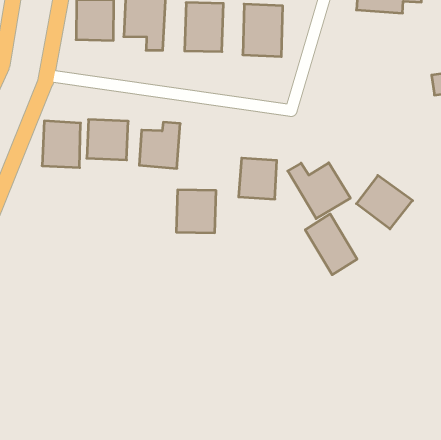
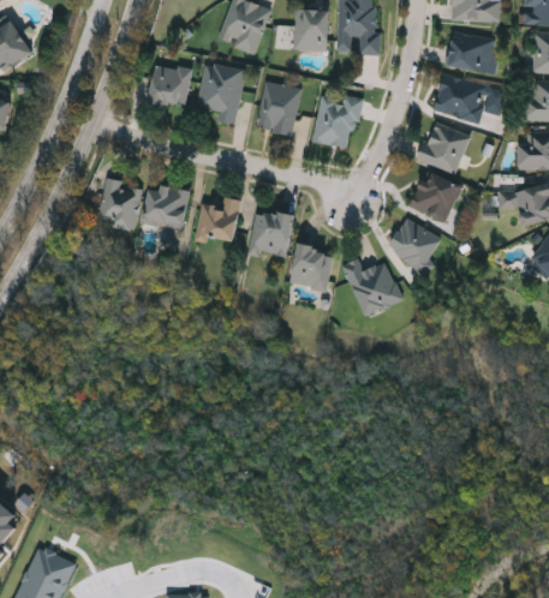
building: none -> [419,122,469,173]
building: none -> [411,171,461,222]
building: [356,175,413,229] -> [387,217,443,273]
building: [176,190,216,233] -> [249,210,294,258]
building: [305,214,357,275] -> none

